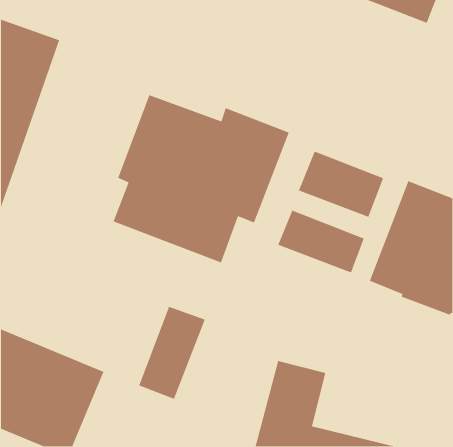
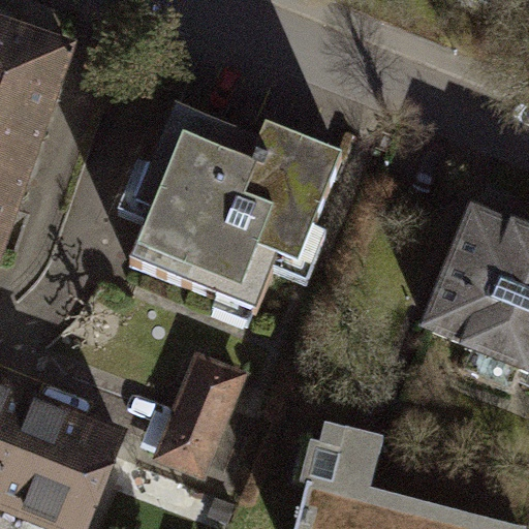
building: [298,150,384,218] -> none
building: [277,210,365,274] -> none

